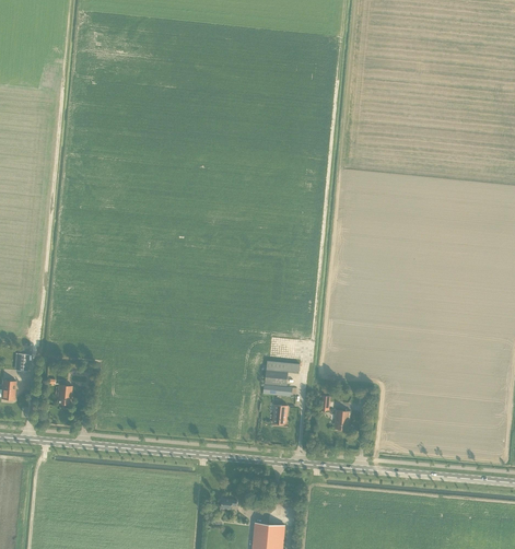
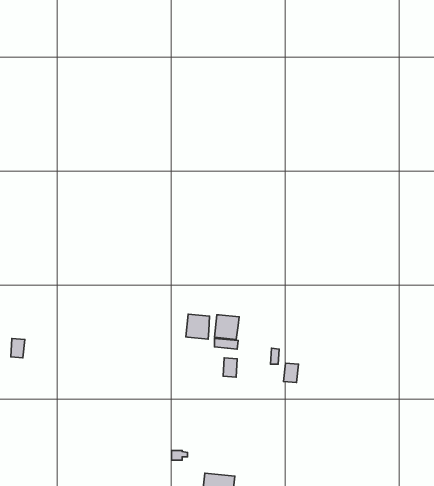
building: none -> [186,314,210,339]

